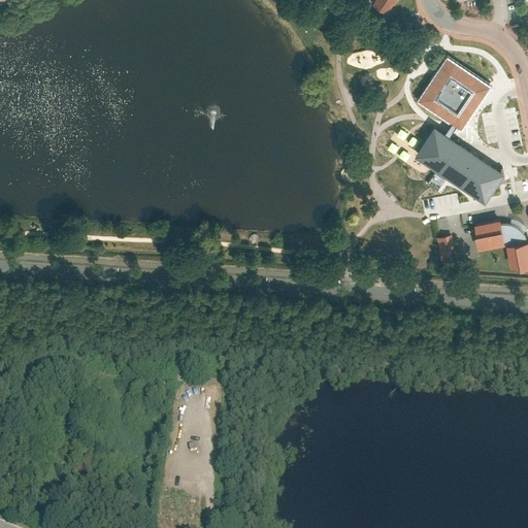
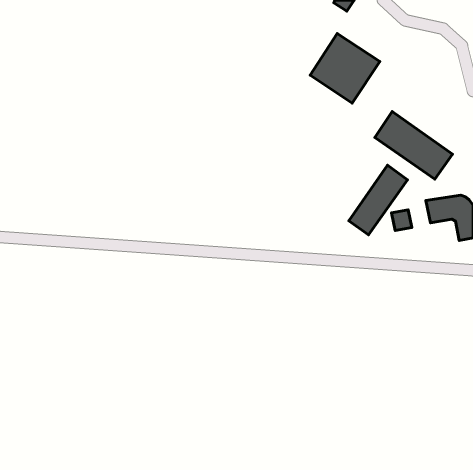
building: [414,55,491,132] -> [310,34,380,103]
building: none -> [349,165,408,235]

